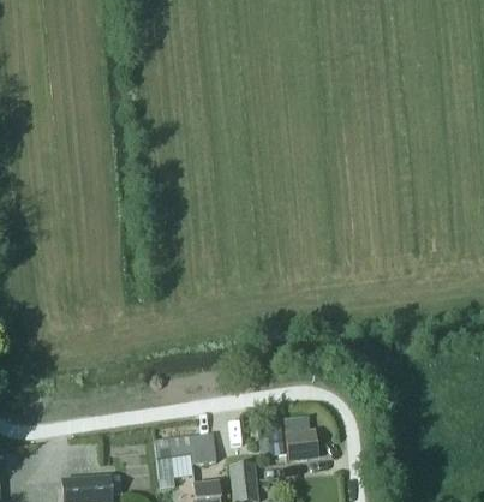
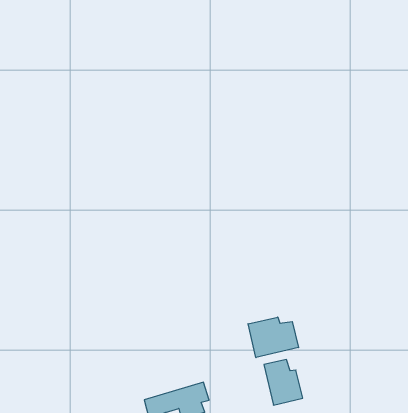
building: none -> [248,317,299,358]

